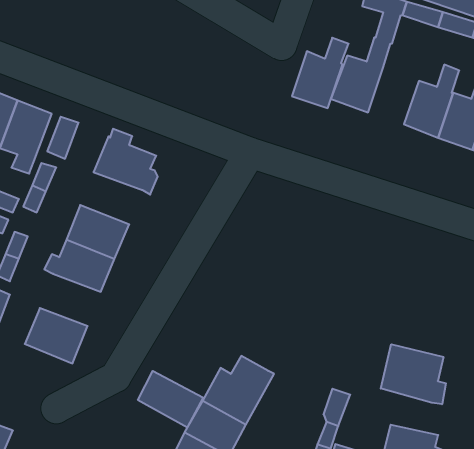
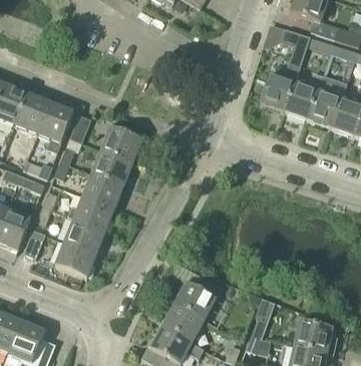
building: [292,38,349,108] -> [285,72,323,119]
building: none -> [91,151,133,187]
building: none -> [64,220,105,255]
building: [381,344,446,404] -> none
building: [138,371,203,427] -> none

